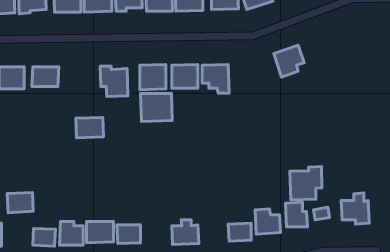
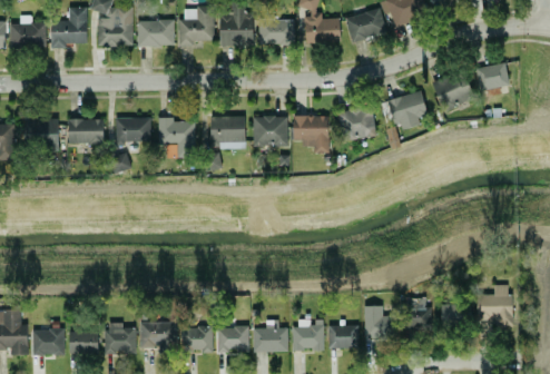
building: none -> [475,62,510,91]
building: none -> [431,70,474,111]
building: none -> [336,105,376,142]
building: [140,93,172,122] -> none
building: [76,117,104,138] -> [115,117,151,144]
building: [290,166,322,200] -> none
building: [7,193,33,213] -> [31,329,66,356]
building: none -> [294,319,324,350]
building: none -> [216,326,249,353]

